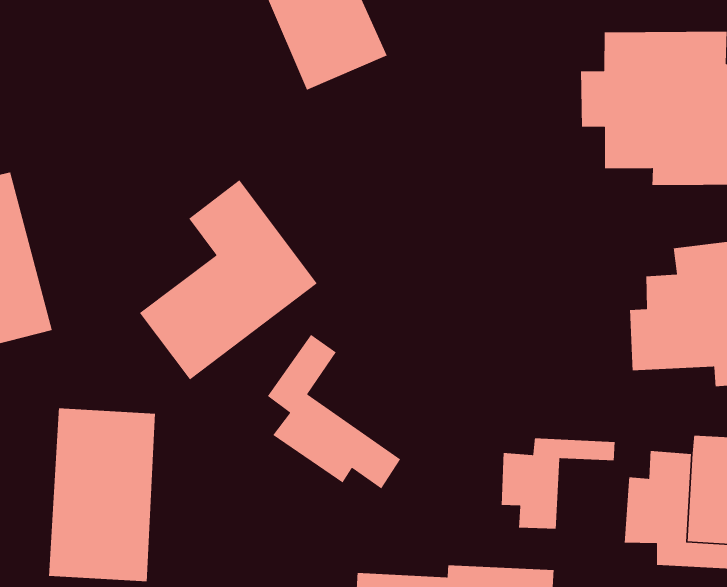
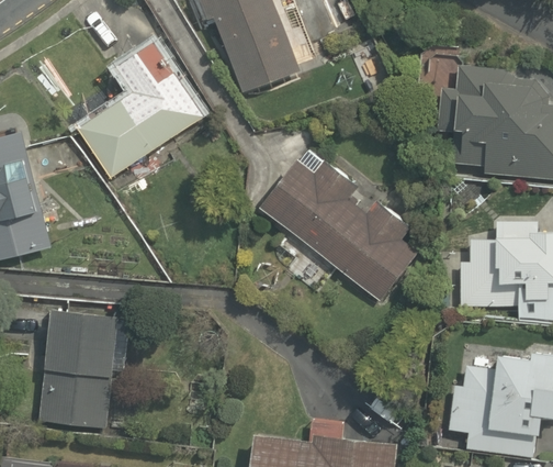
building: none -> [261,147,418,303]
building: [139,179,318,380] -> [79,37,207,178]
building: [267,334,401,489] -> none
building: [501,437,615,529] -> none

